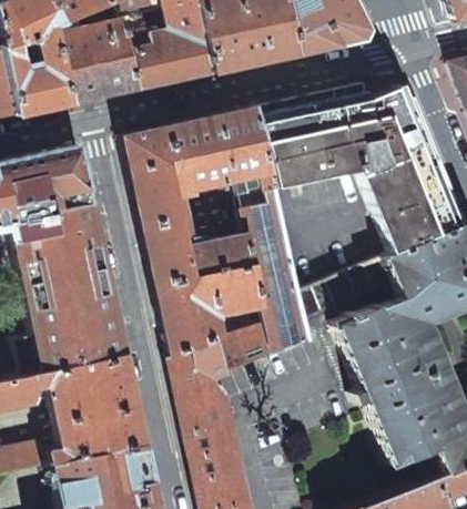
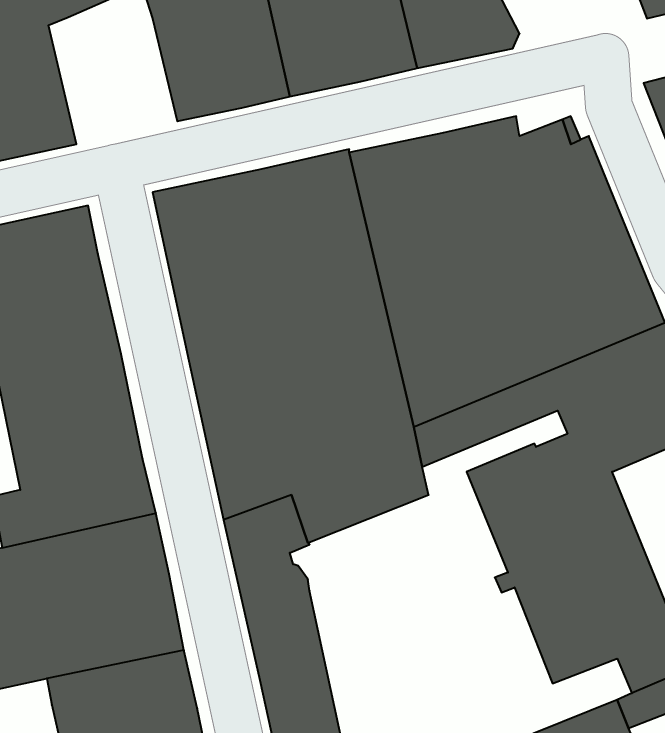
building: [52,14,139,104] -> none

